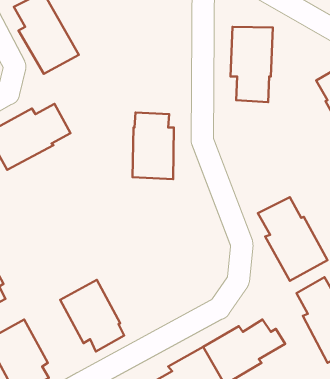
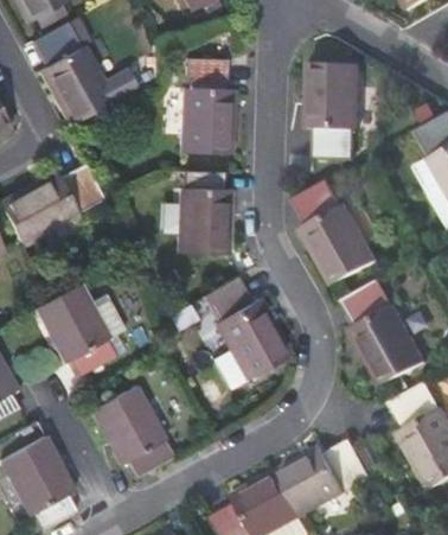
building: none -> [184,63,235,159]
building: none -> [290,183,372,286]
building: none -> [205,278,289,377]
building: none -> [34,284,117,376]

